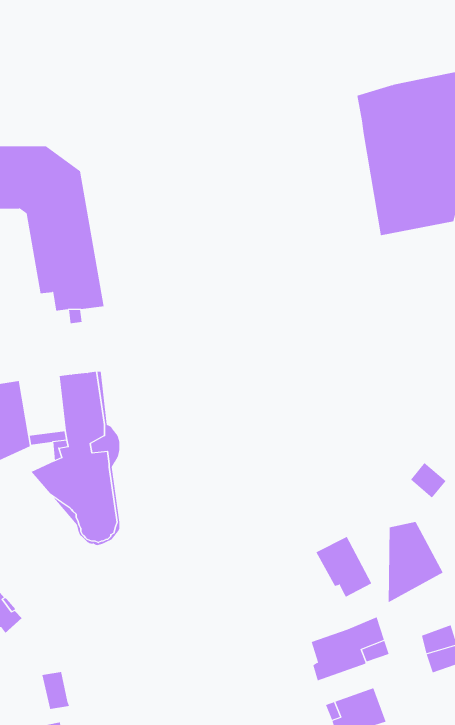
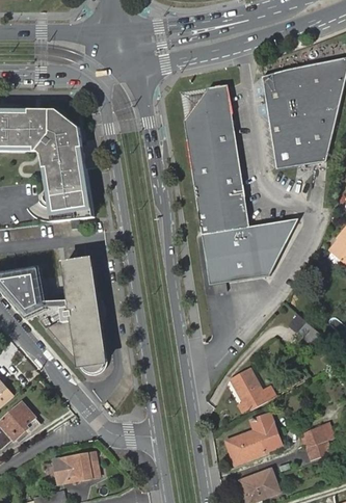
building: none -> [177,85,297,284]
building: [388,521,443,603] -> none
building: none -> [65,451,100,477]

